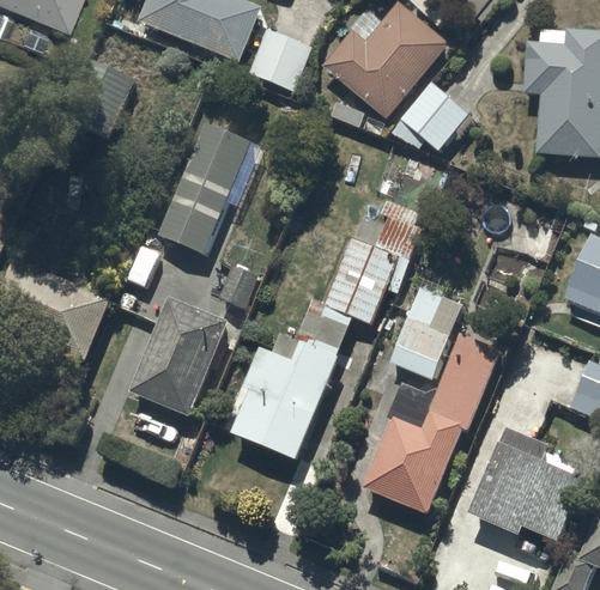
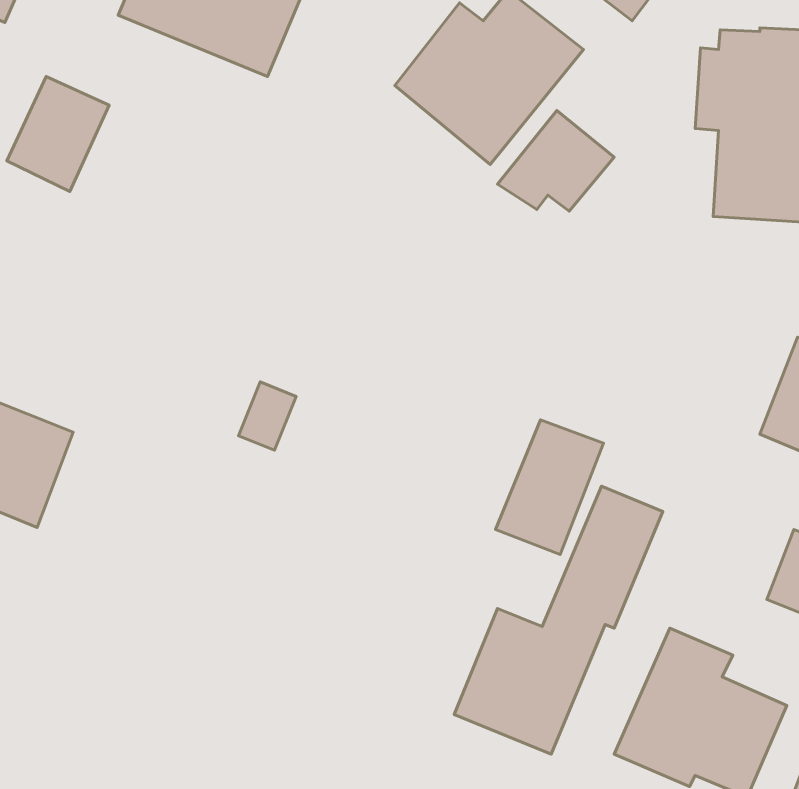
building: [248,29,310,90] -> none
building: [159,122,262,253] -> none
building: [232,195,430,458] -> none
building: [131,297,226,414] -> none

